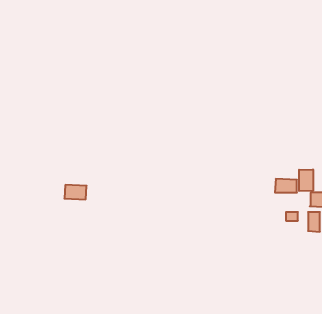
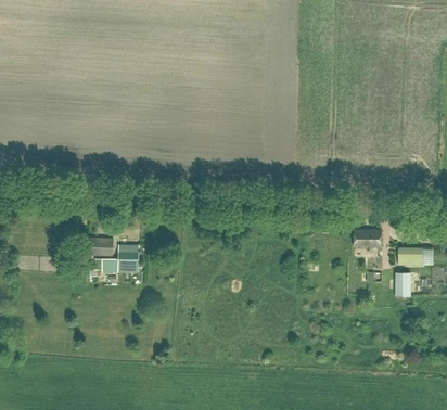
building: [299,169,313,191] -> none
building: none -> [94,245,139,273]

